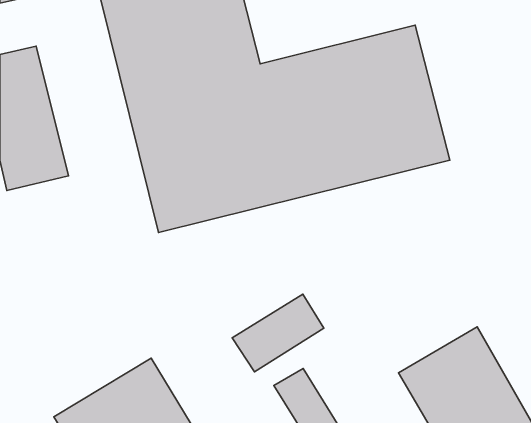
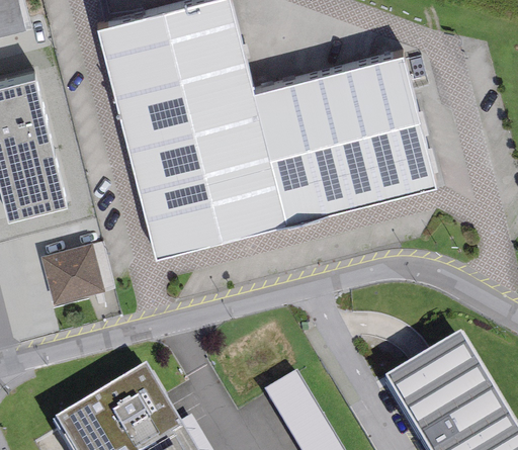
building: none -> [42,243,105,303]
building: [232,294,324,372] -> none

